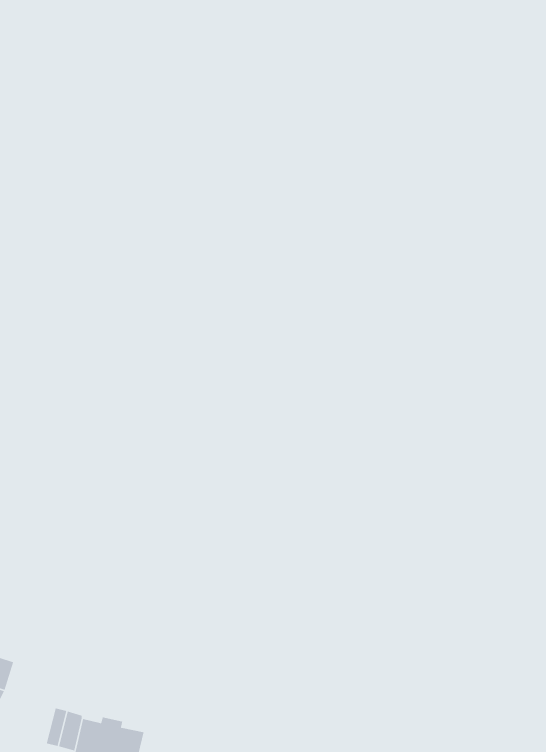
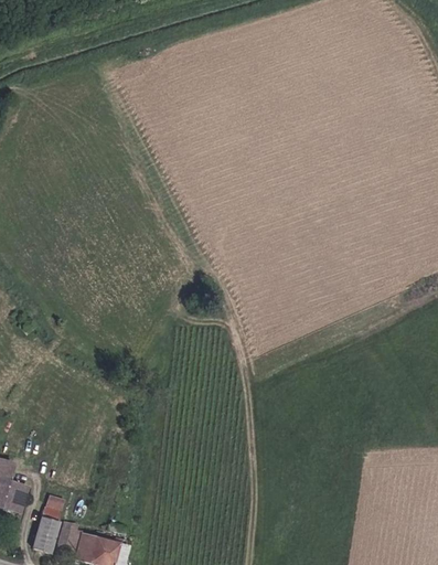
building: none -> [31,511,56,547]

